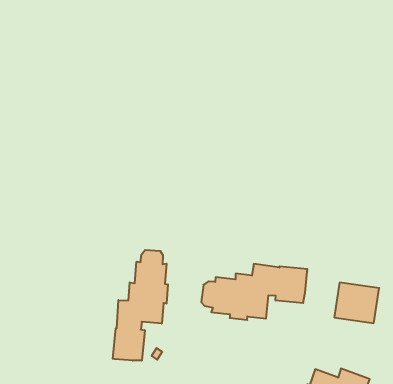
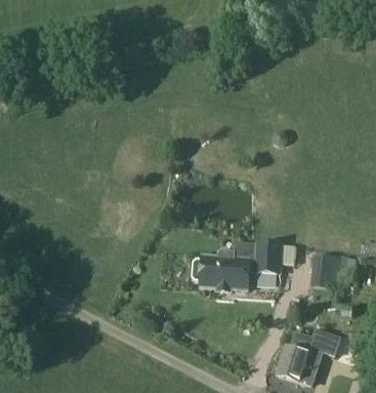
building: [113,250,168,361] -> none

